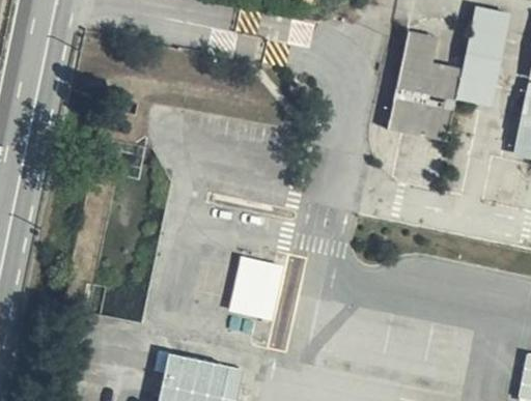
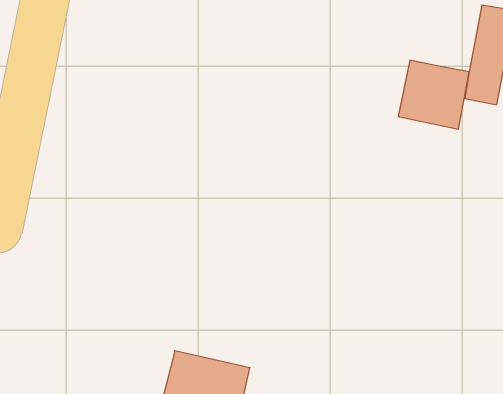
building: [402,32,440,74] -> none
building: [229,255,284,319] -> none

